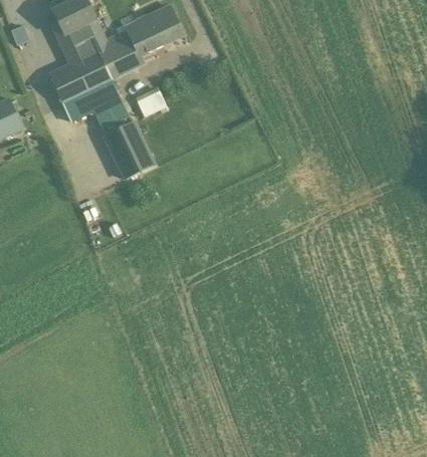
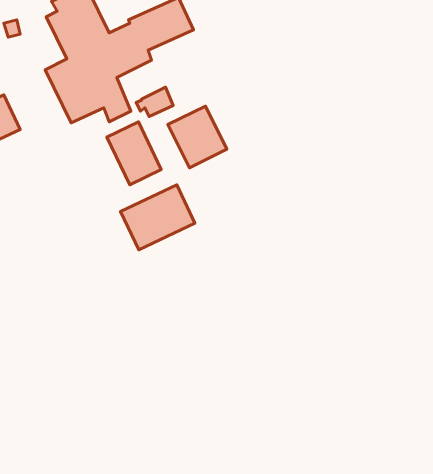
building: none -> [168,106,227,168]
building: none -> [121,185,195,250]

